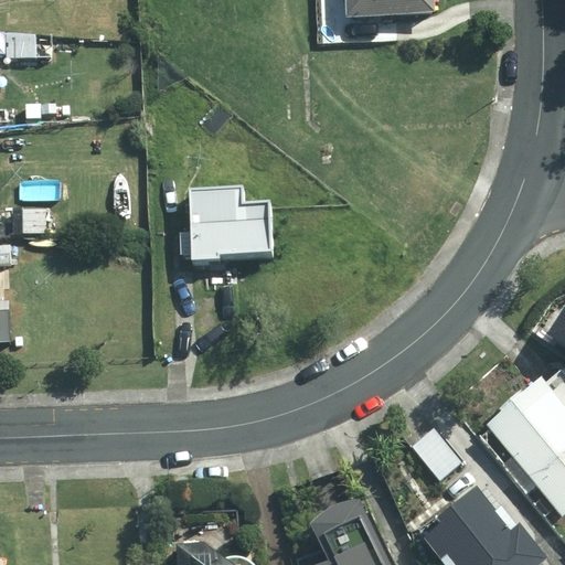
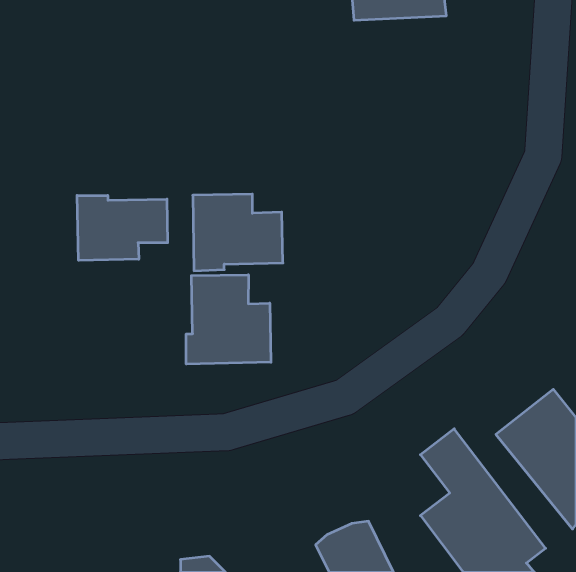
building: none -> [77,195,168,260]
building: none -> [186,275,271,364]

